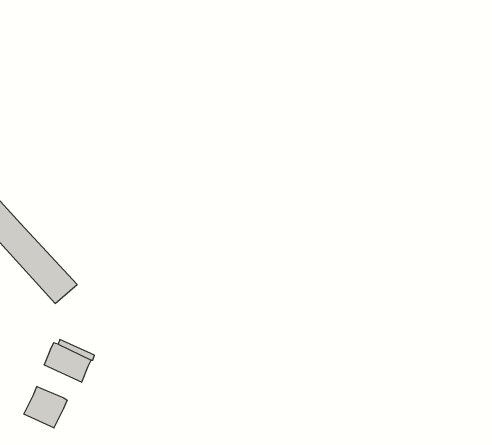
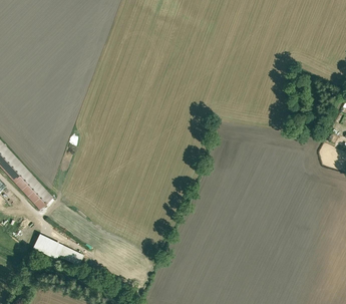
building: [24,386,67,428] -> none

